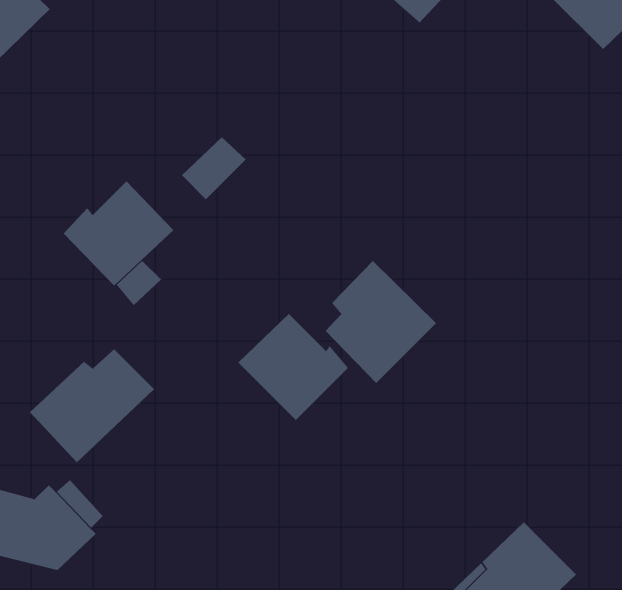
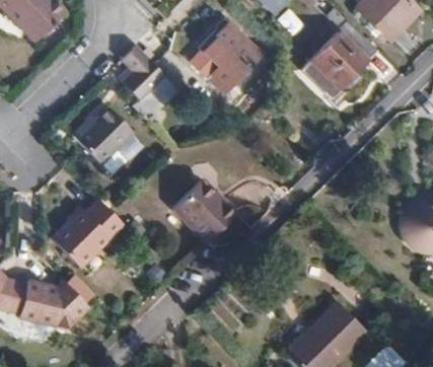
building: none -> [300,22,376,97]
building: none -> [196,27,258,97]
building: none -> [121,46,163,100]
building: [325,260,437,384] -> none

